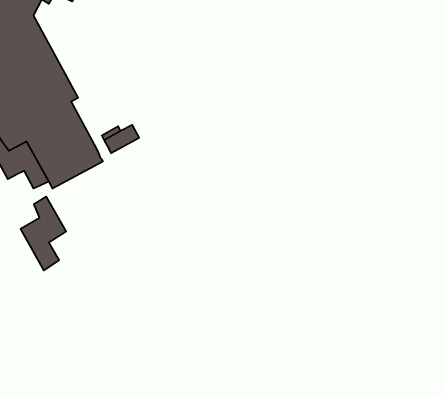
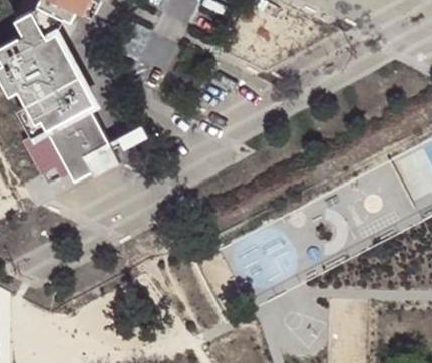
building: [21,196,66,271] -> none

